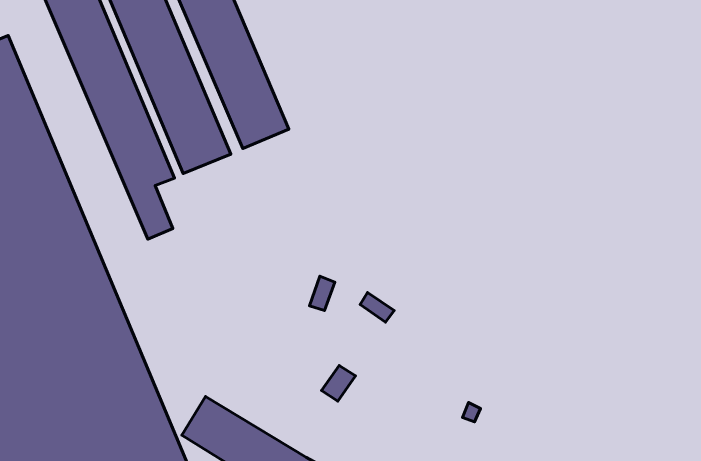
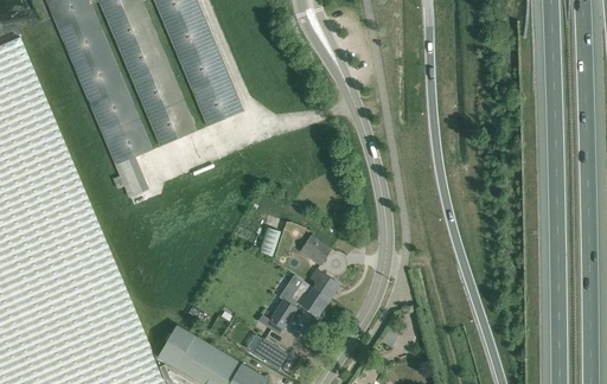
building: none -> [290,268,339,314]
building: none -> [245,333,288,369]

